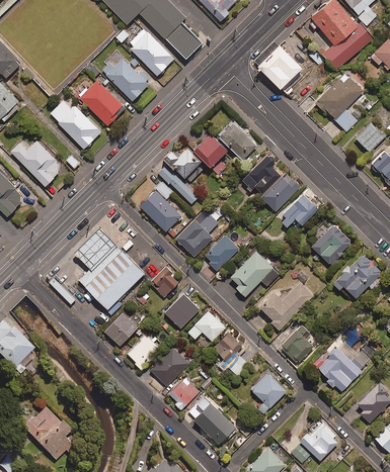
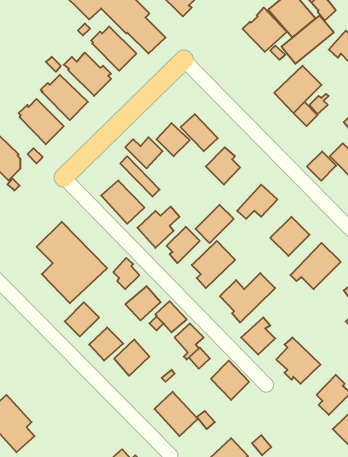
building: [256,44,301,89] -> [243,8,287,52]
building: [355,122,384,152] -> [307,151,336,181]
building: [260,172,299,210] -> [195,205,234,243]
building: [166,376,200,408] -> none
building: [299,420,341,459] -> none

